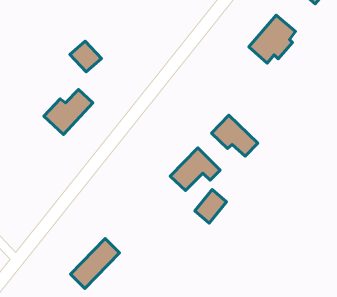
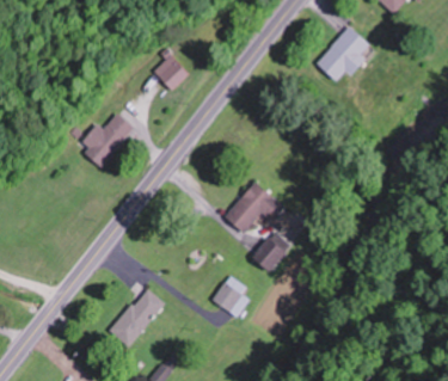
building: [70,41,101,72] -> [152,55,189,91]
building: [211,115,258,156] -> none
building: none -> [211,276,246,315]

